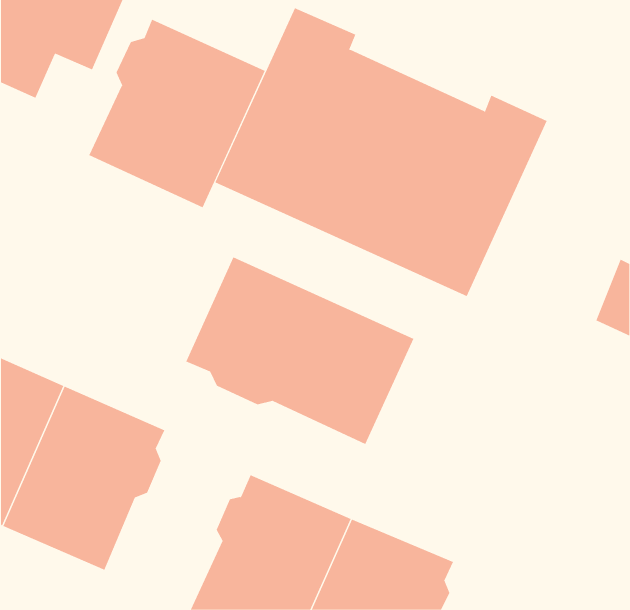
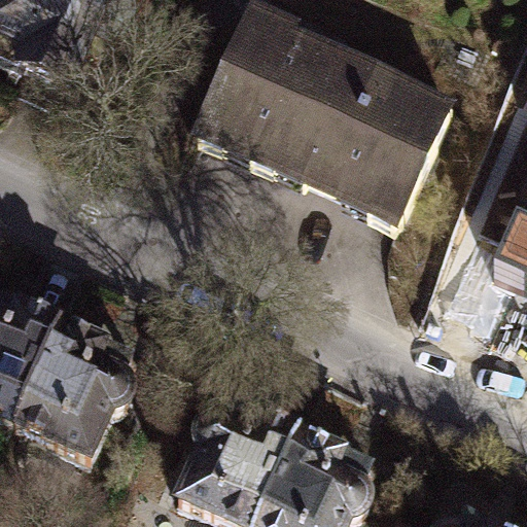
building: [88,19,265,208] -> none
building: [185,257,414,445] -> none

